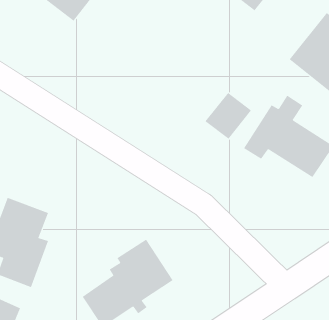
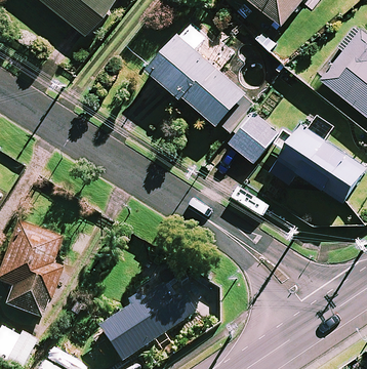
building: none -> [148,24,245,126]

